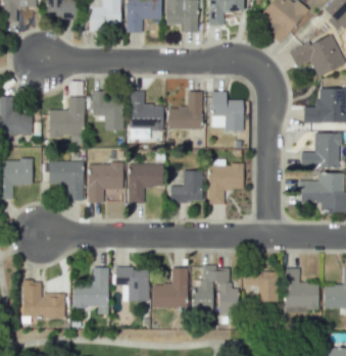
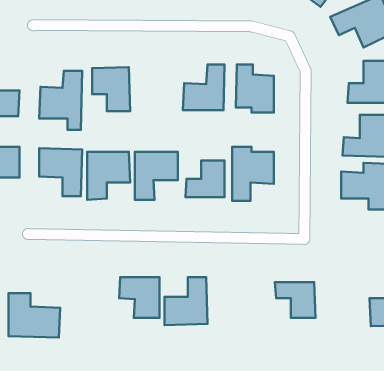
building: [129,90,163,129] -> none
building: [72,266,108,314] -> none
building: [193,266,239,313] -> none
building: [283,267,318,307] -> none

